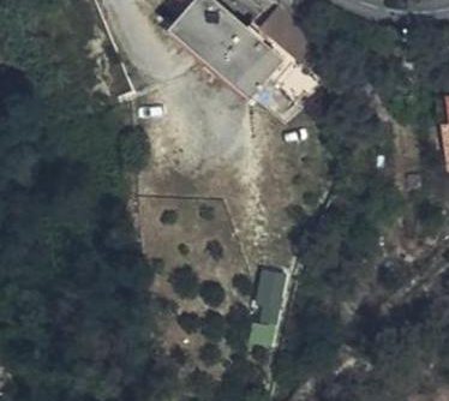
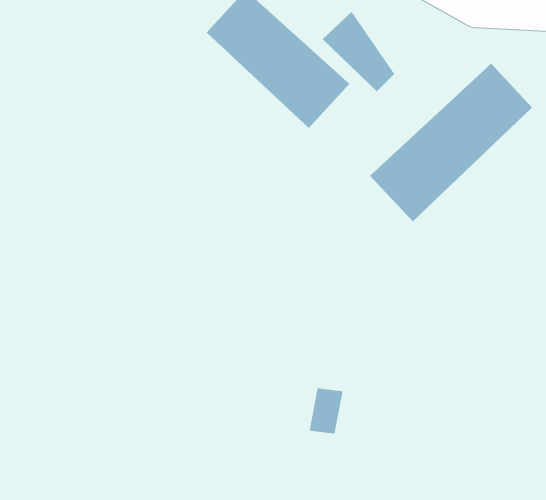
building: none -> [369,63,533,222]

